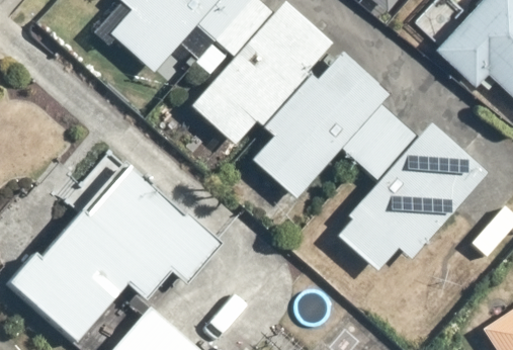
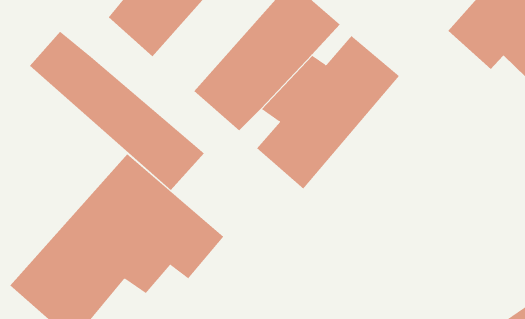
building: none -> [29,31,205,191]
building: [330,122,487,272] -> none

